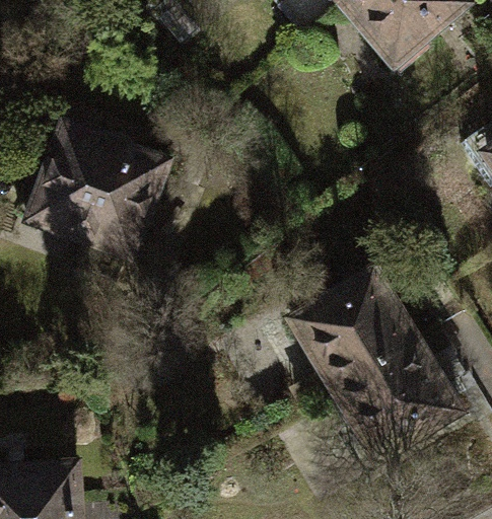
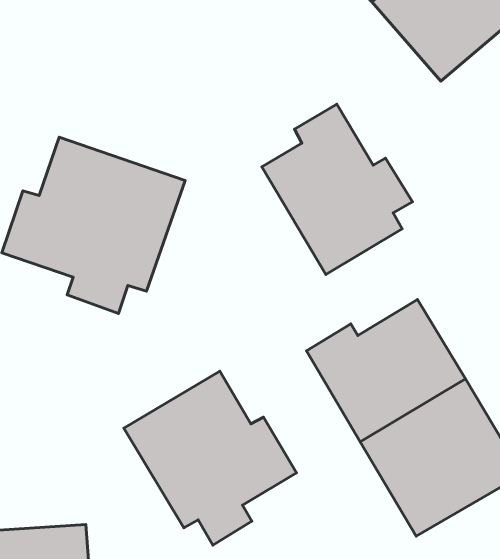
building: none -> [262,104,412,275]
building: none -> [124,371,297,545]

